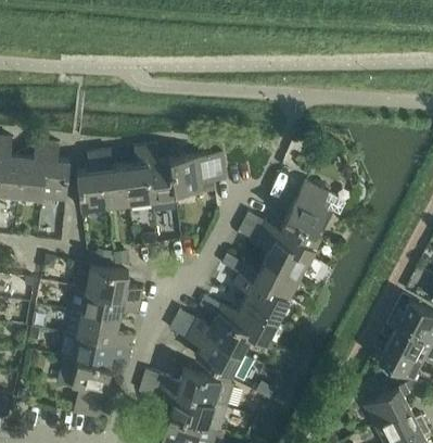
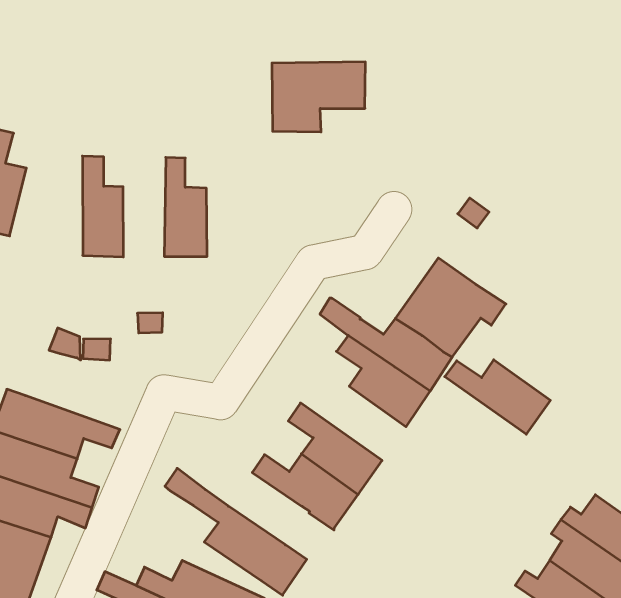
building: [124,145,152,204] -> none
building: [77,151,106,210] -> none
building: [170,152,226,198] -> [272,62,365,132]
building: [239,260,300,299] -> [445,360,550,434]
building: [85,266,142,301] -> none
building: [192,315,252,353] -> none

